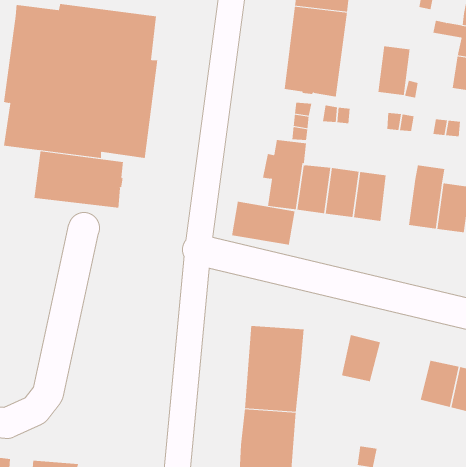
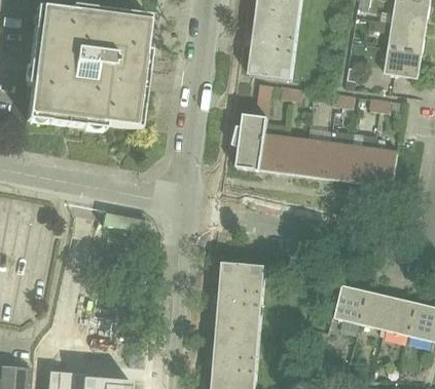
building: [378,45,410,96] -> none
building: [34,151,124,209] -> none
building: none -> [327,130,356,182]
building: [232,201,295,246] -> none
building: [341,334,381,382] -> [334,283,366,321]

